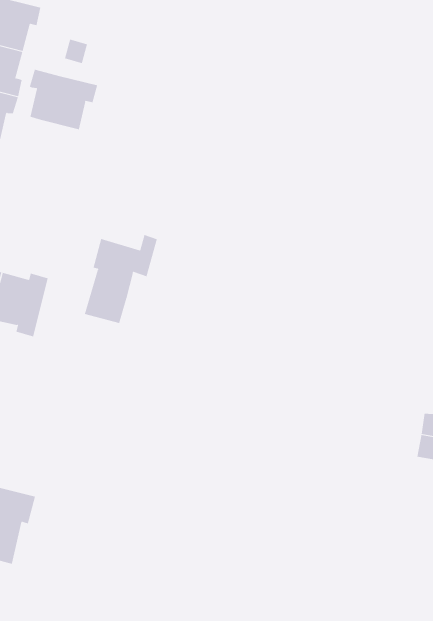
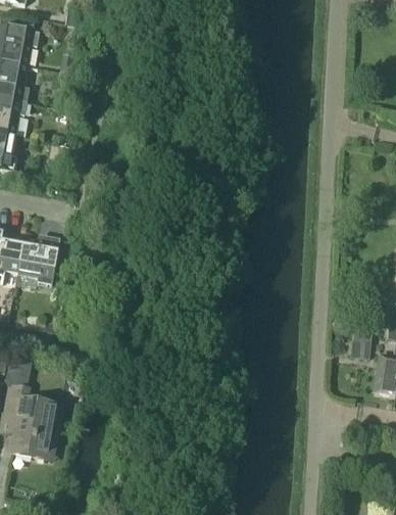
building: [29,69,98,130] -> none
building: [84,234,157,324] -> none

